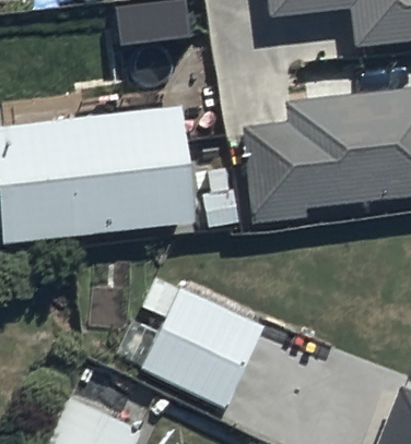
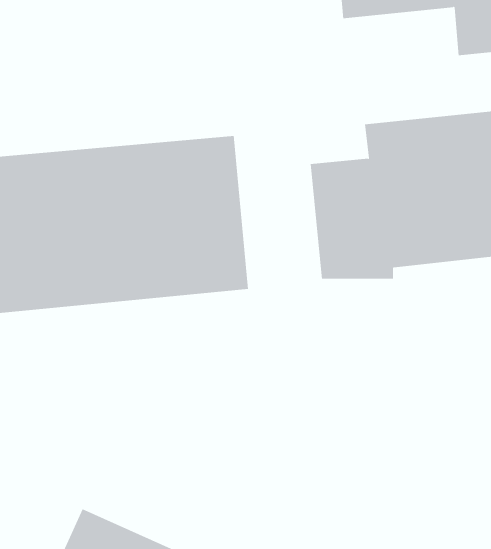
building: [139,274,265,407] -> none

